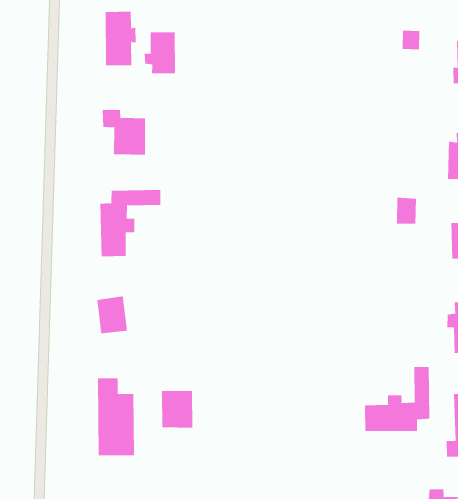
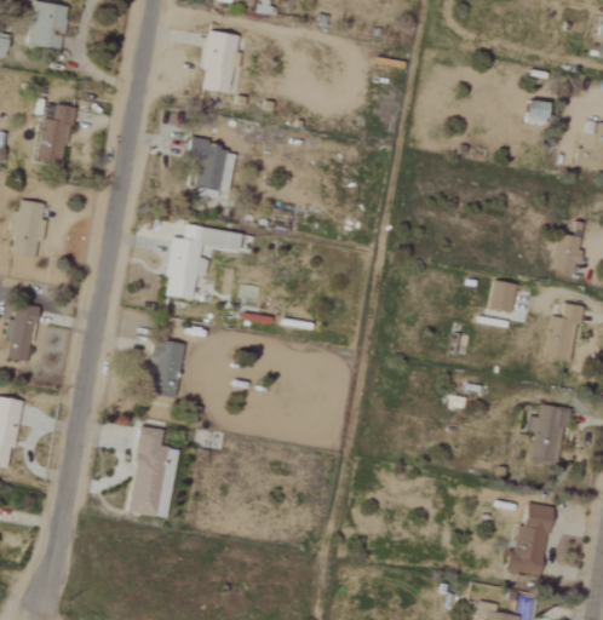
building: [144,32,176,74] -> none
building: [365,366,430,432] -> none
building: [162,390,193,428] -> none

